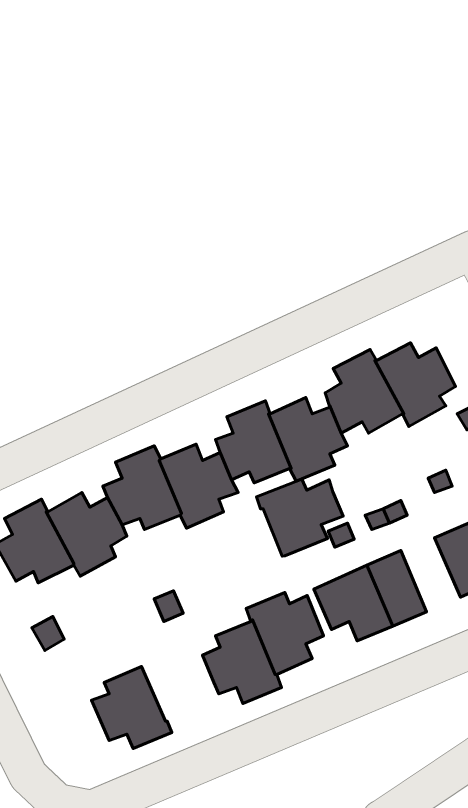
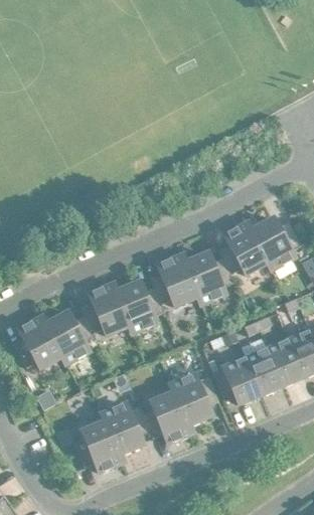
building: [257,479,343,556] -> none
building: none -> [267,339,304,385]
building: none -> [101,402,150,454]

